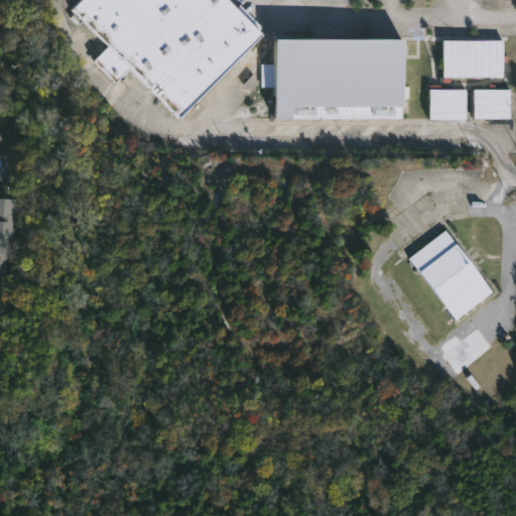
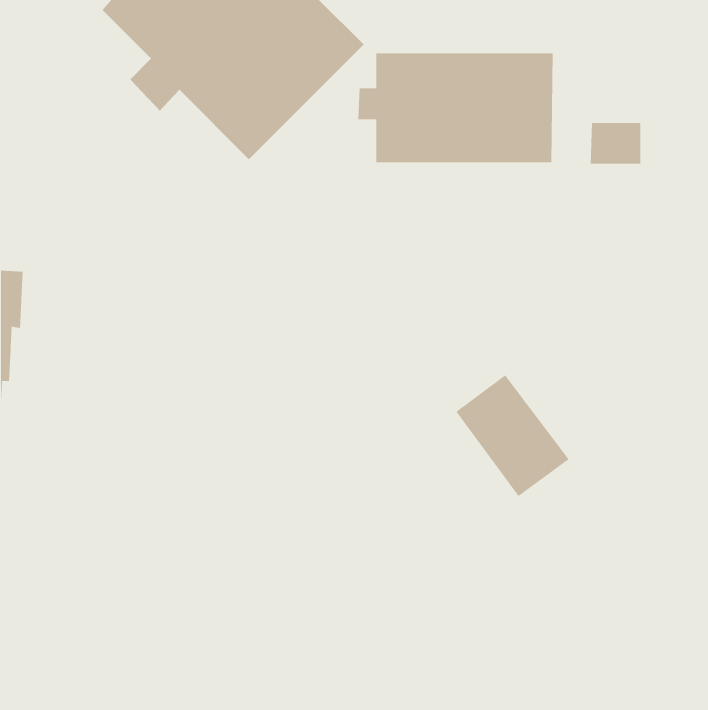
building: [442,38,504,77] -> none
building: [474,89,511,118] -> none
building: [407,232,490,320] -> [455,374,570,497]

